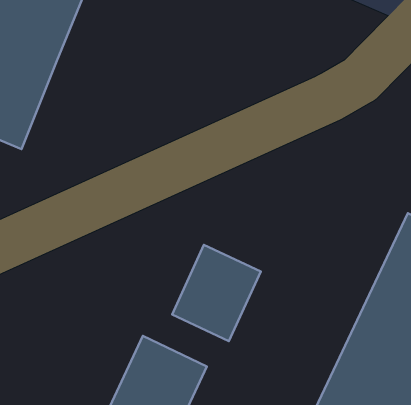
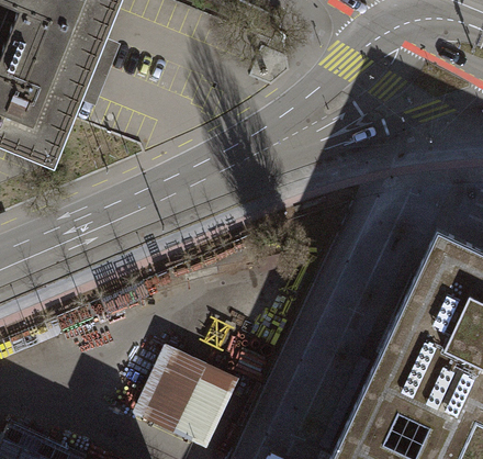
building: [172,245,261,341] -> none

